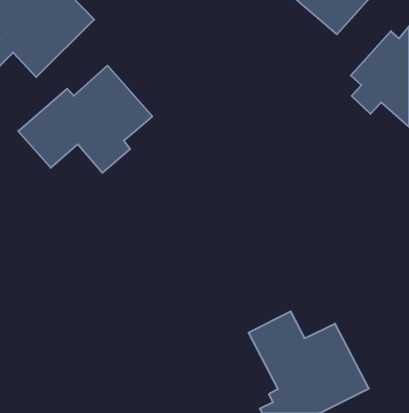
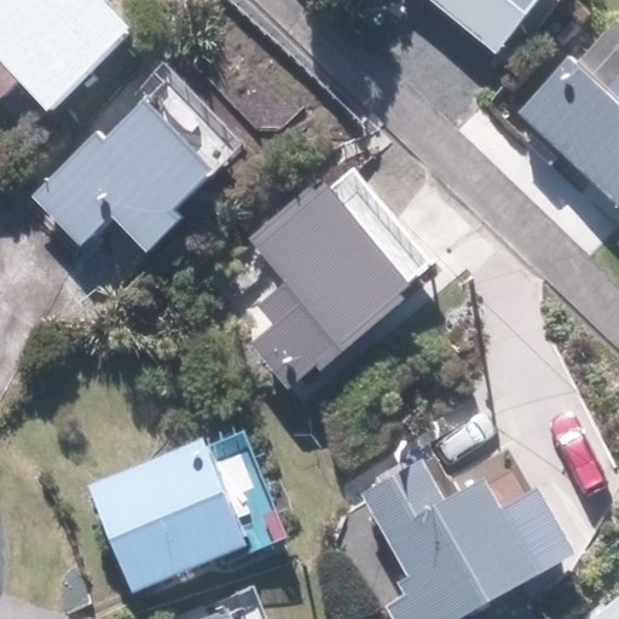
building: none -> [250,179,415,389]
building: none -> [87,438,250,594]

